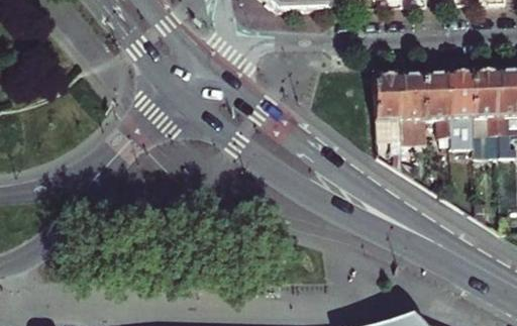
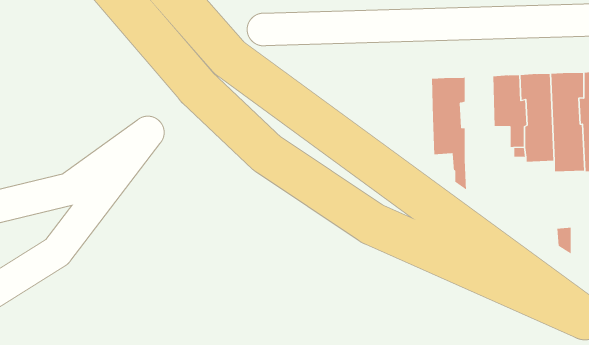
building: [399,76,427,144] -> none

